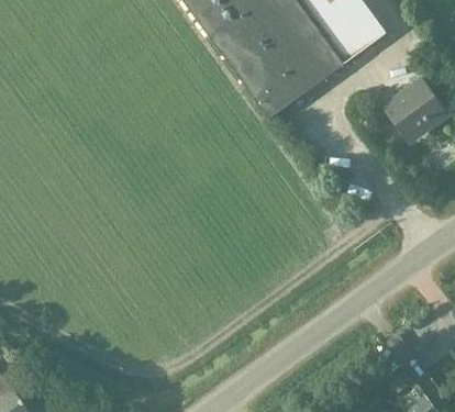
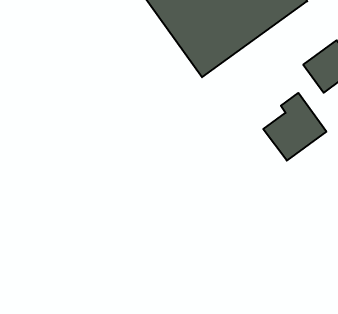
building: none -> [263,93,326,161]

